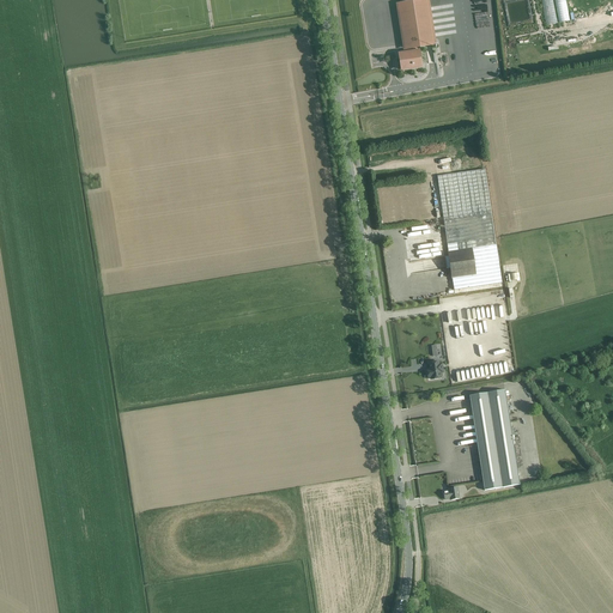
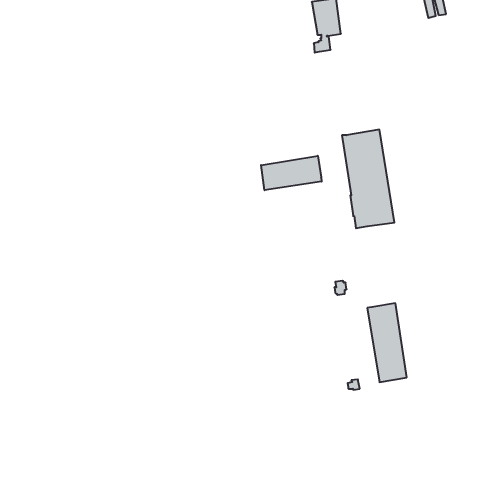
building: none -> [261,156,322,190]

